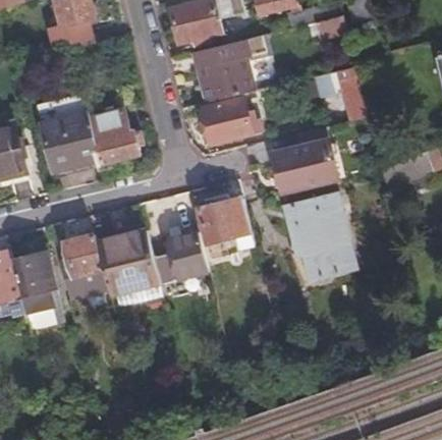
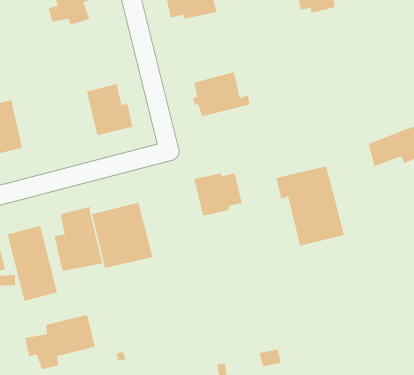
building: [194,34,270,103] -> none
building: [333,67,367,121] -> none
building: [39,94,102,171] -> none
building: [273,126,339,192] -> none
building: [158,231,209,279] -> none
building: none -> [25,314,96,370]

